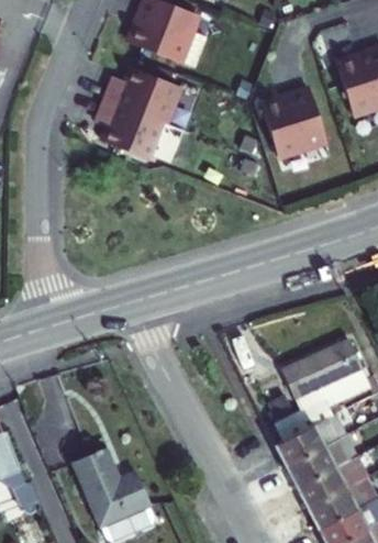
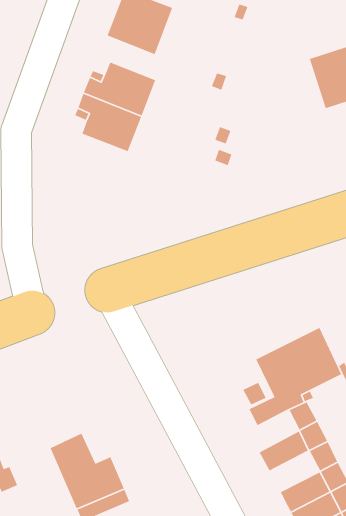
building: [262,92,327,159] -> none
building: [276,424,327,467] -> none
building: [297,466,348,508] -> none

